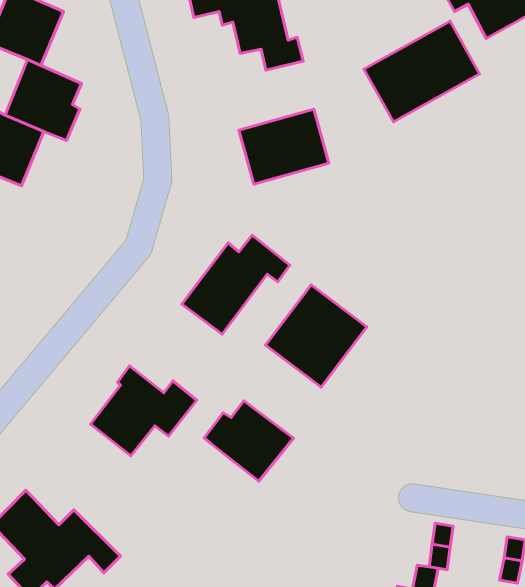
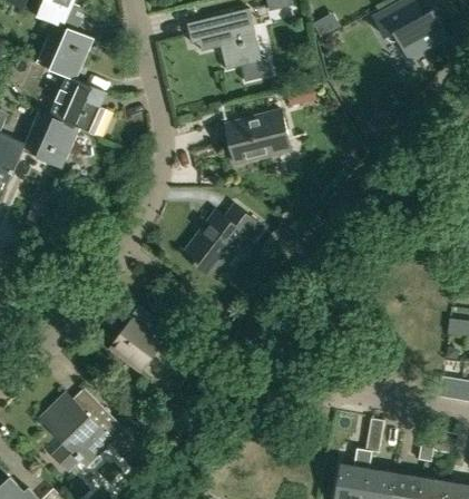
building: [364,21,480,122] -> none
building: [265,285,367,387] -> none
building: [204,401,293,481] -> none

